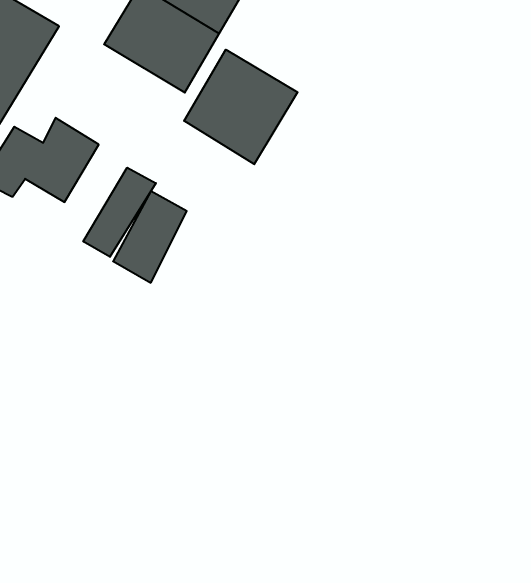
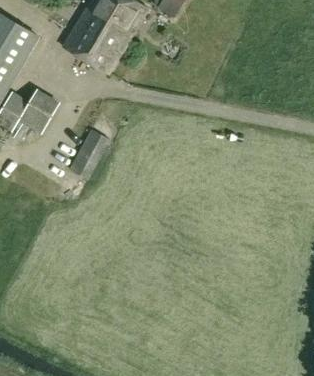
building: [184,50,298,164] -> none
building: [83,168,156,257] -> none

